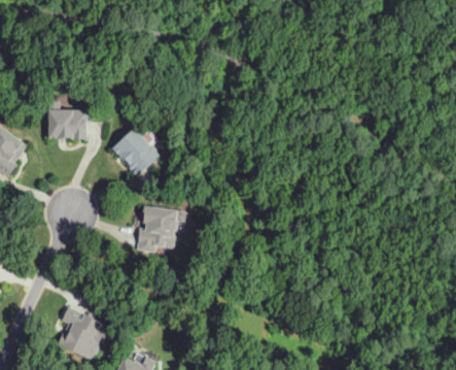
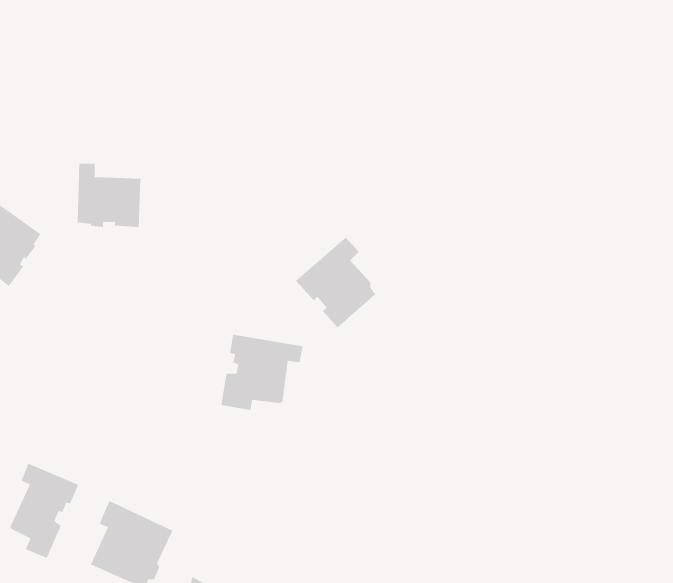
building: [109,121,159,176] -> [295,237,376,328]
building: none -> [10,463,79,559]

